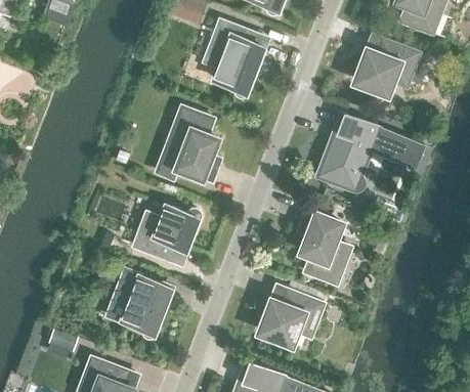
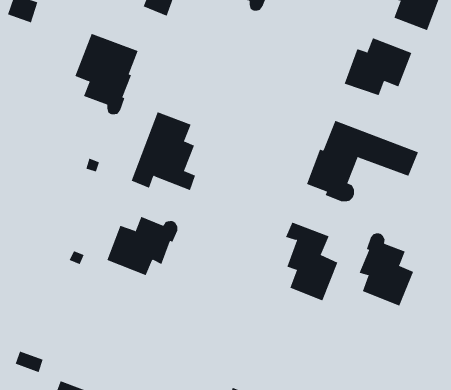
building: [205,21,264,97] -> [74,33,138,115]
building: none -> [359,233,414,307]
building: [108,270,166,339] -> none
building: [259,289,323,344] -> none

